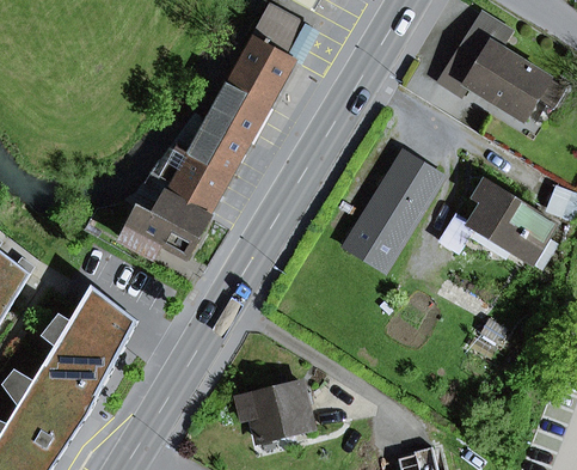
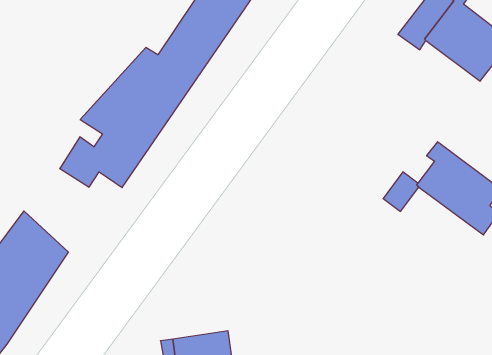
building: [345,153,441,269] -> none

